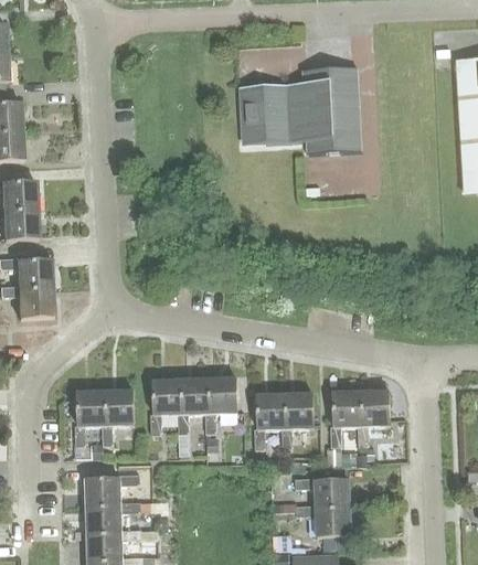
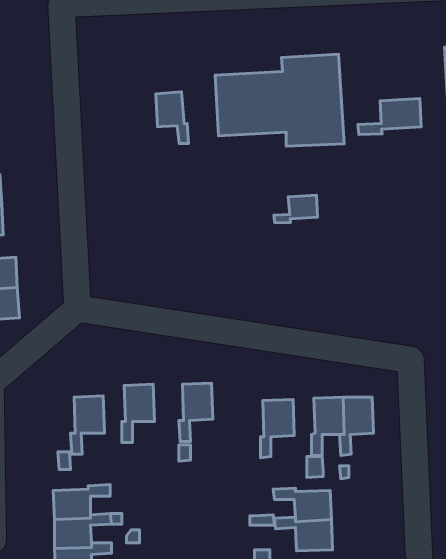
building: none -> [156,92,188,144]
building: none -> [358,98,421,135]
building: none -> [274,195,318,223]
building: [178,379,210,434] -> none
building: [75,391,107,446] -> none
building: [255,394,286,448] -> none

